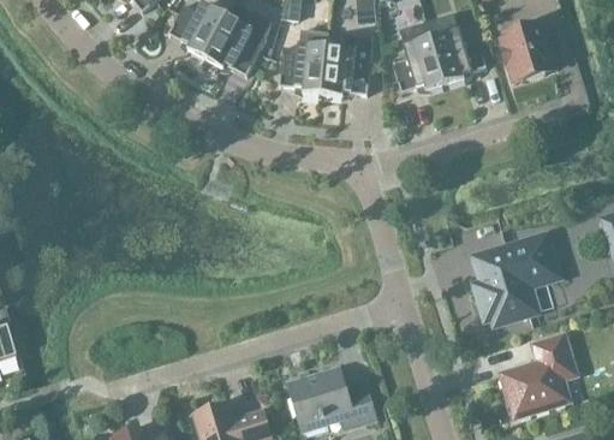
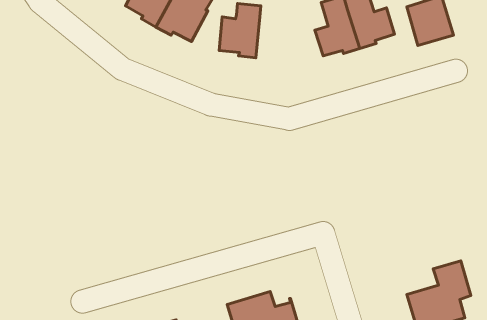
building: [322,34,372,96] -> none
building: [473,233,560,317] -> none

